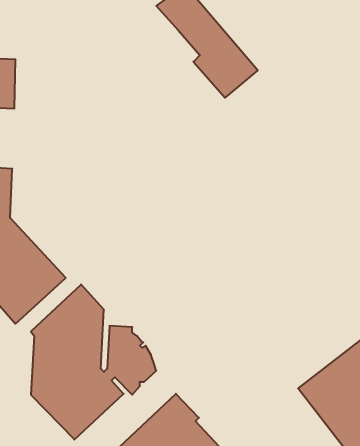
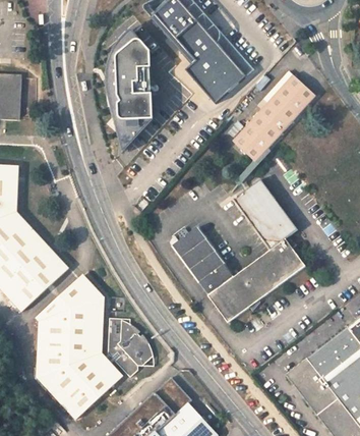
building: none -> [109,29,157,150]
building: none -> [230,77,313,164]
building: none -> [173,178,306,322]

